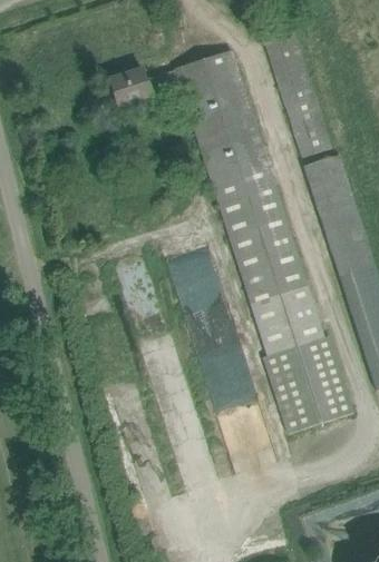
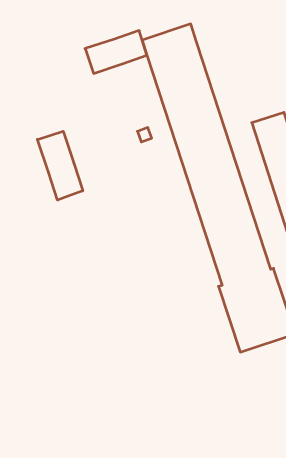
building: [265,31,333,157] -> none
building: none -> [37,131,83,200]

